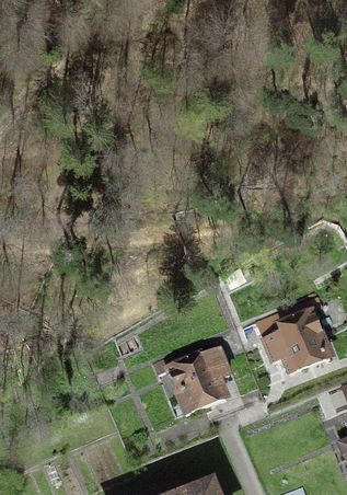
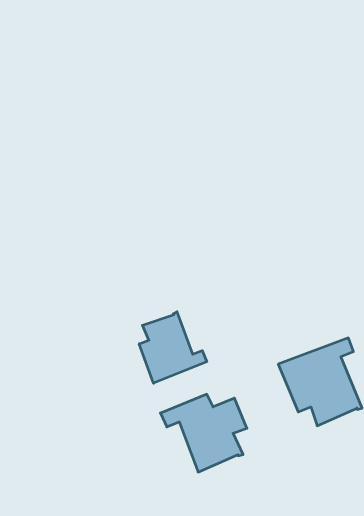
building: none -> [139,312,207,383]

